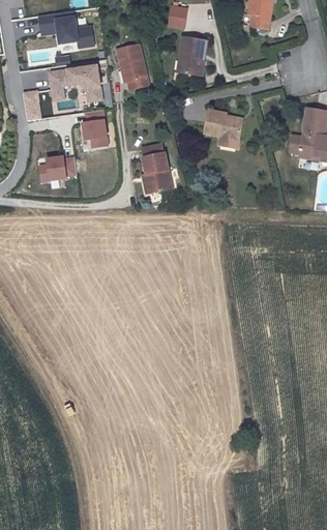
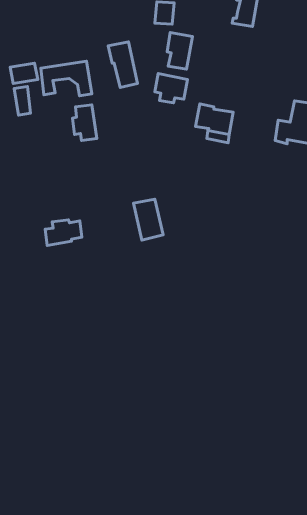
building: [39,10,94,48] -> none
building: none -> [155,73,187,103]
building: [142,153,172,195] -> [134,199,163,240]
building: [39,156,77,182] -> [45,220,82,245]

